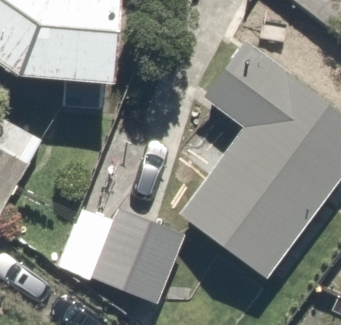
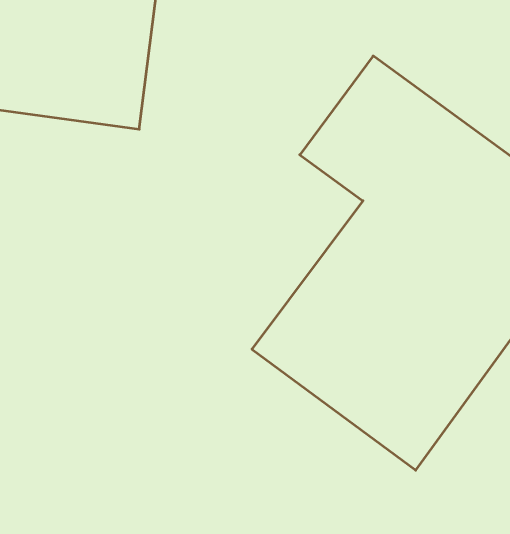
building: [58,204,174,302] -> none

